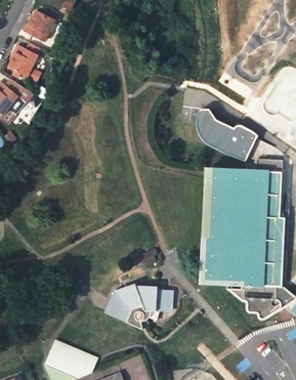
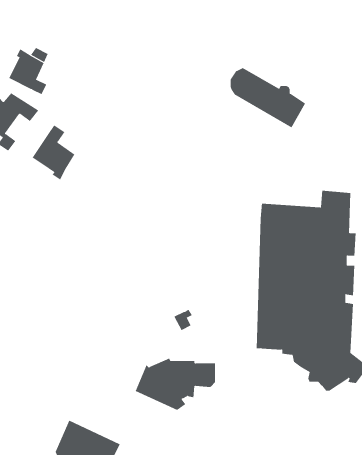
building: [24,11,55,42] -> none
building: none -> [32,124,75,180]
building: [195,110,255,158] -> [230,67,306,128]

